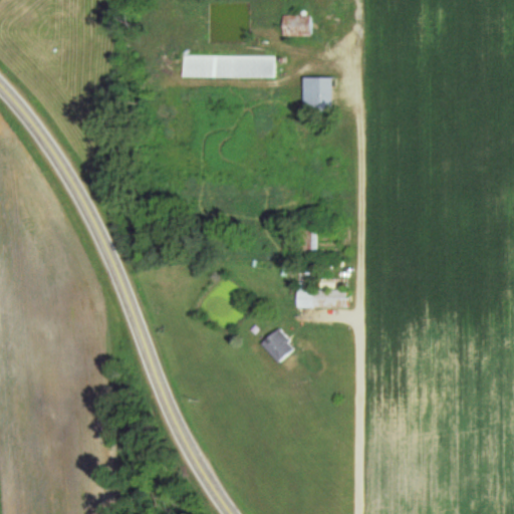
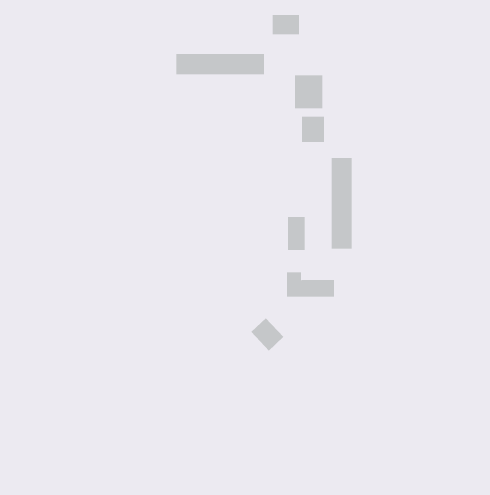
building: none -> [301,116,324,143]
building: none -> [331,157,352,250]

